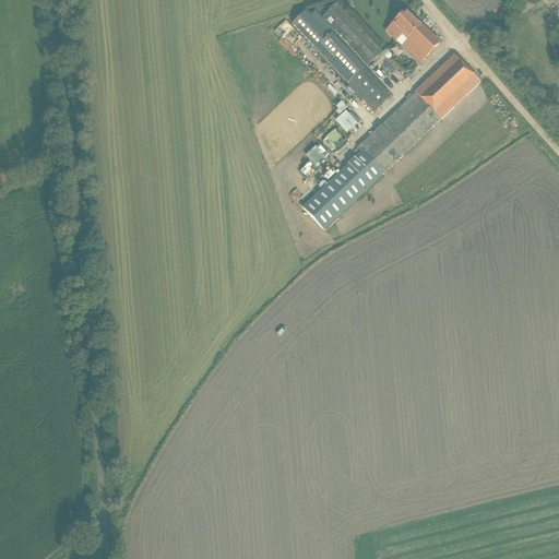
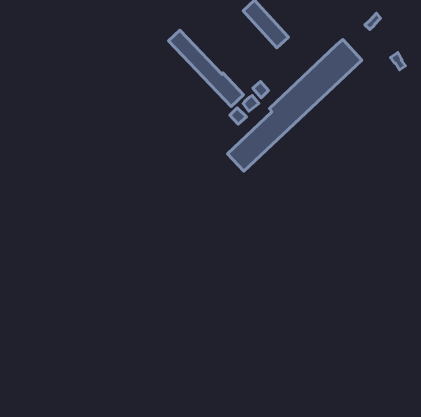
building: [290,8,390,109] -> [168,30,243,107]
building: [386,8,439,59] -> none

